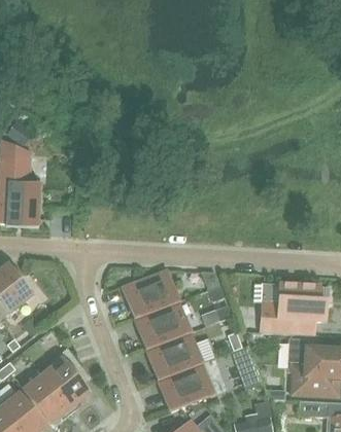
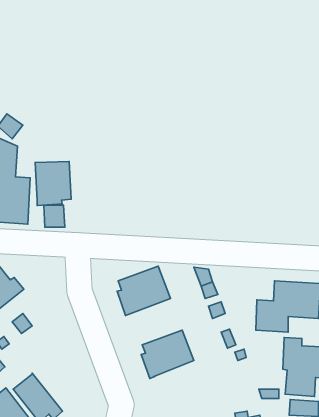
building: none -> [35,161,71,206]
building: [137,301,190,349] -> none
building: [39,348,88,411] -> none
building: [161,362,213,410] -> none

